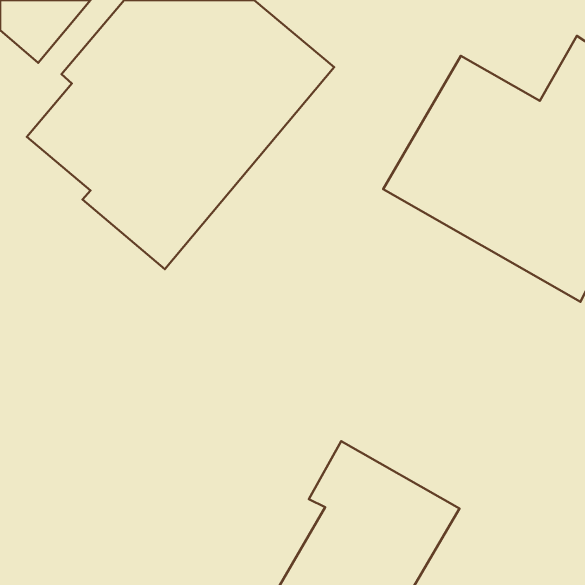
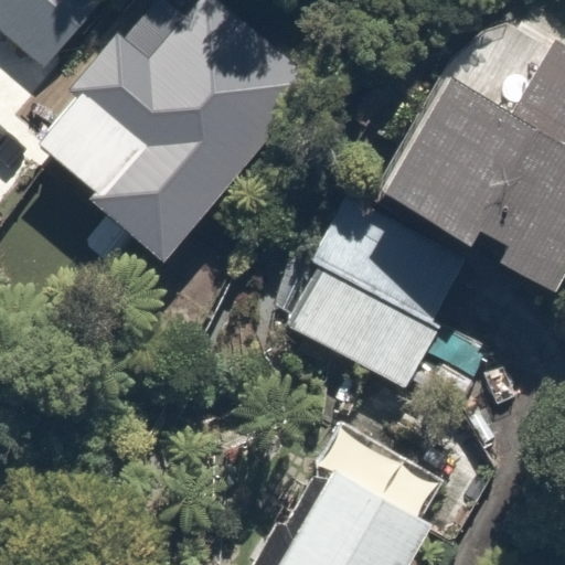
building: none -> [277,213,479,393]

